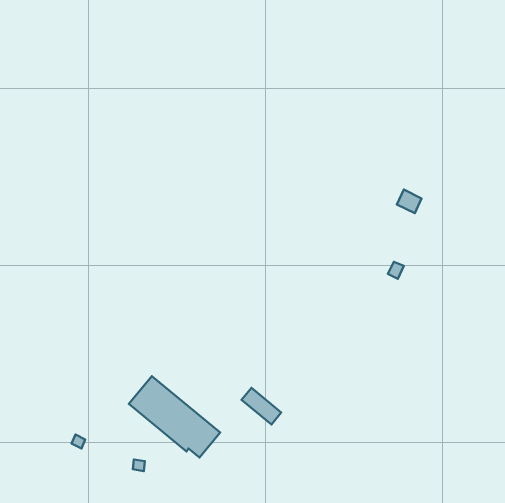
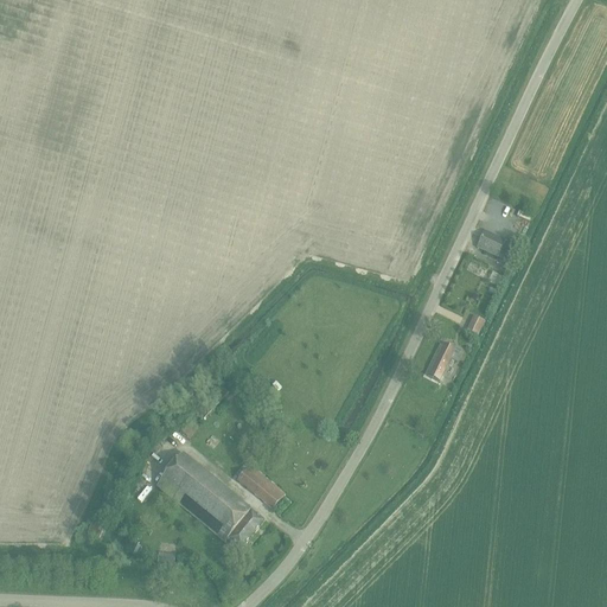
building: none -> [426,341,460,379]
building: [242,388,281,425] -> [236,462,283,506]

